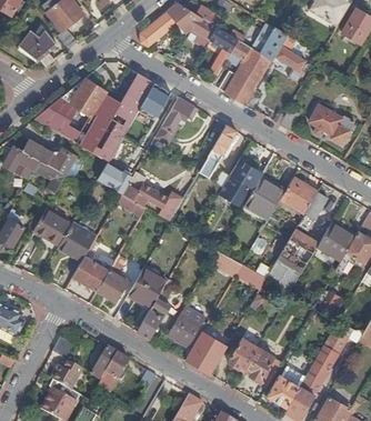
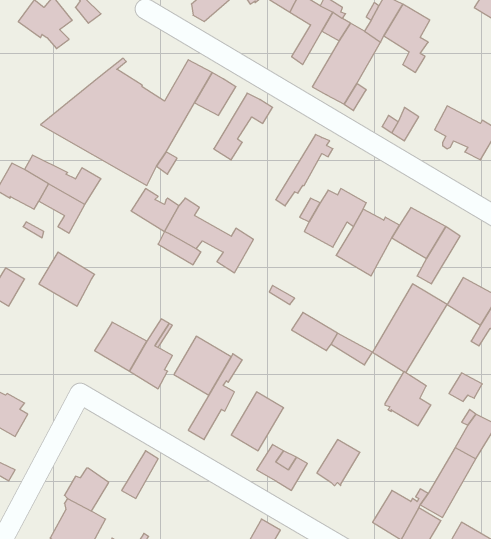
building: [57,227,94,264] -> none
building: [244,348,277,385] -> [385,372,431,426]
building: [98,352,129,392] -> none

